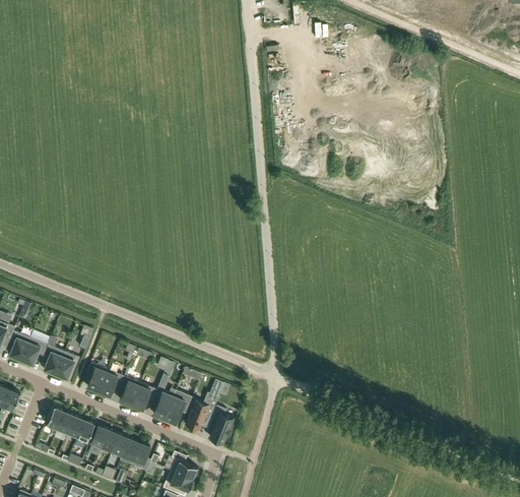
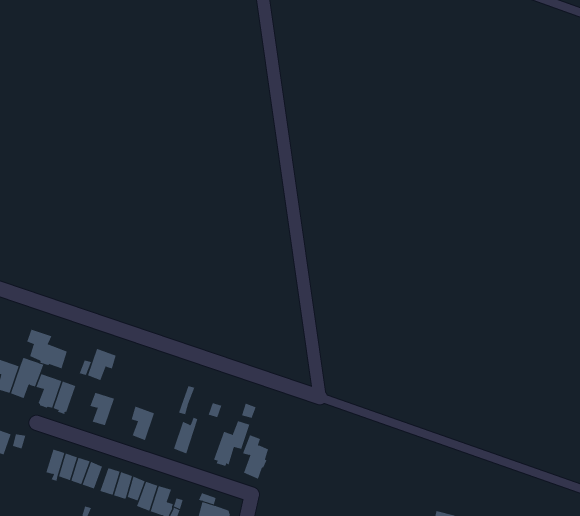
building: none -> [27,329,67,369]
building: [99,369,124,396] -> [87,348,116,381]
building: [131,383,157,410] -> none
building: [165,390,191,424] -> none

